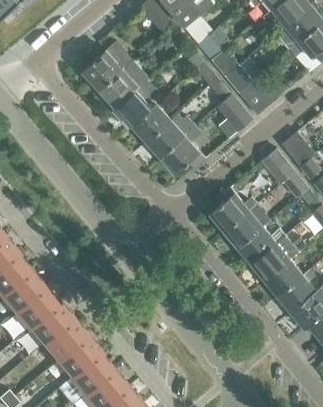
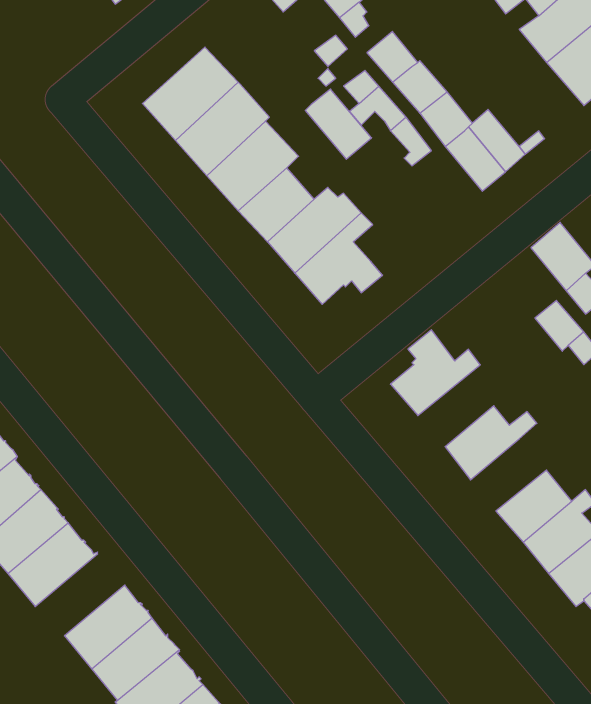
building: [217,95,251,131] -> [305,89,372,159]
building: [261,149,294,183] -> none
building: [223,205,268,247] -> none
building: [250,235,305,280] -> none
building: [27,302,73,344] -> none

